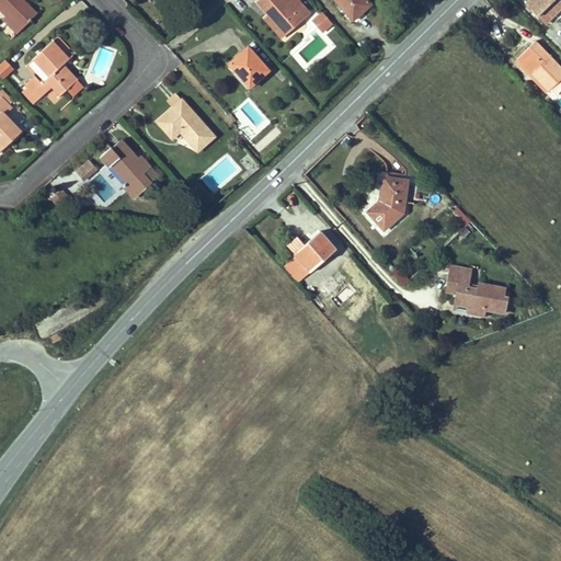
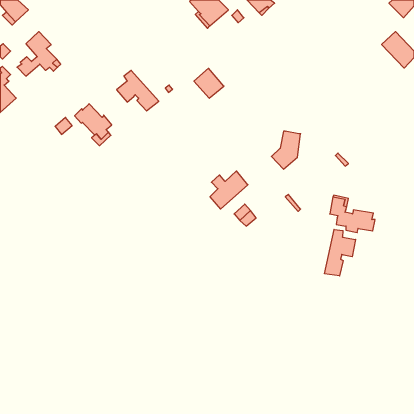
building: [229,47,270,88] -> [194,68,224,98]
building: none -> [325,229,356,276]

